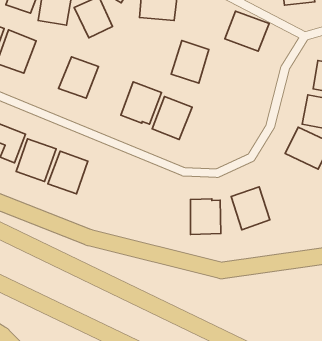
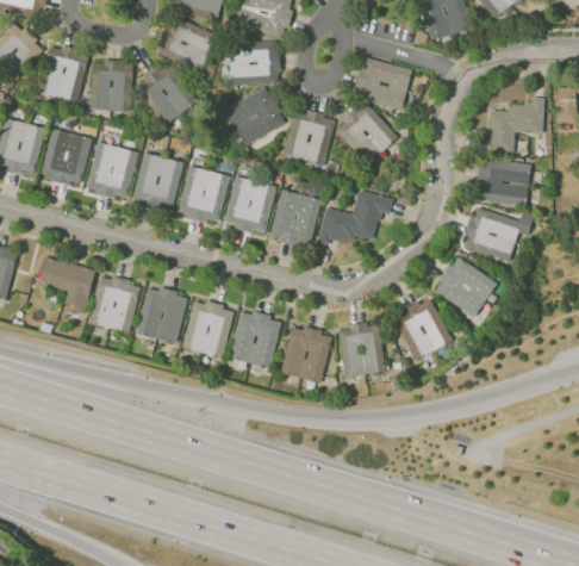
building: none -> [223,85,287,147]
building: none -> [336,100,398,163]
building: none -> [87,142,137,199]
building: none -> [178,166,230,224]
building: none -> [319,189,393,245]
building: none -> [434,256,497,316]
building: none -> [182,299,235,356]
building: none -> [230,310,281,366]
building: none -> [281,325,332,381]

